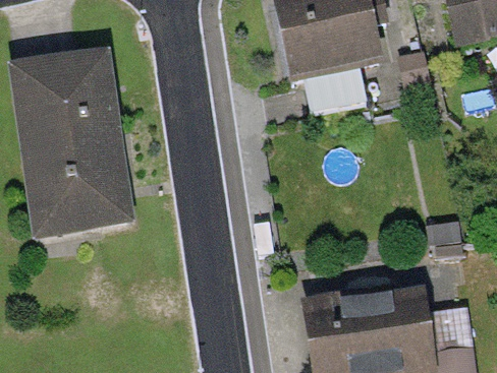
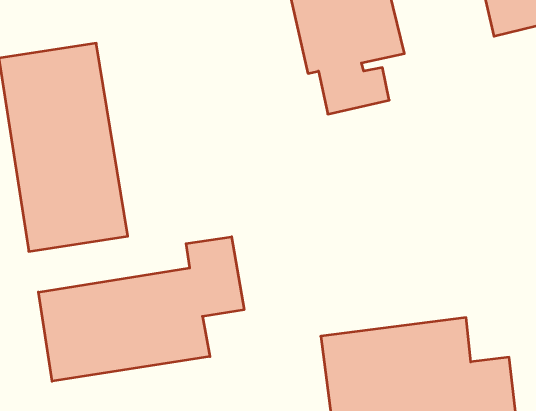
building: none -> [38,237,244,381]

